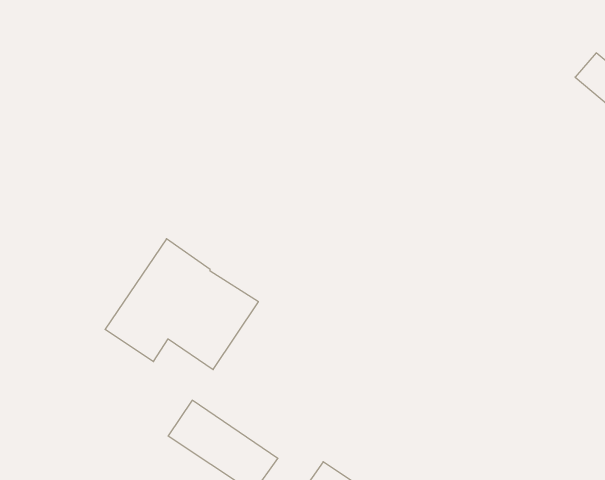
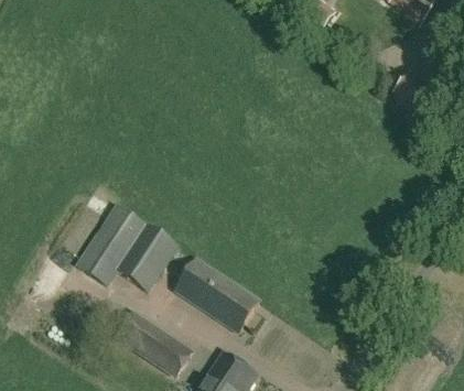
building: none -> [174,258,257,330]

